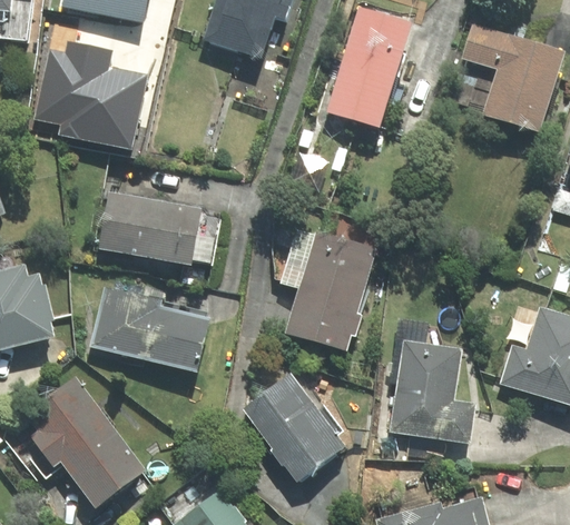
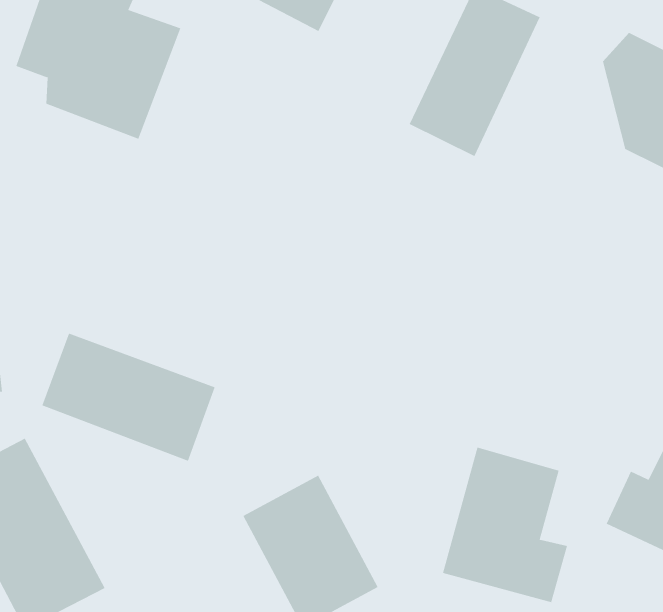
building: [92,192,212,273] -> none
building: [271,218,380,351] -> none

